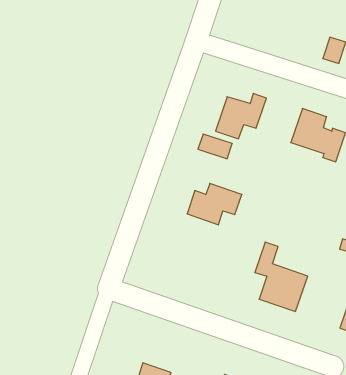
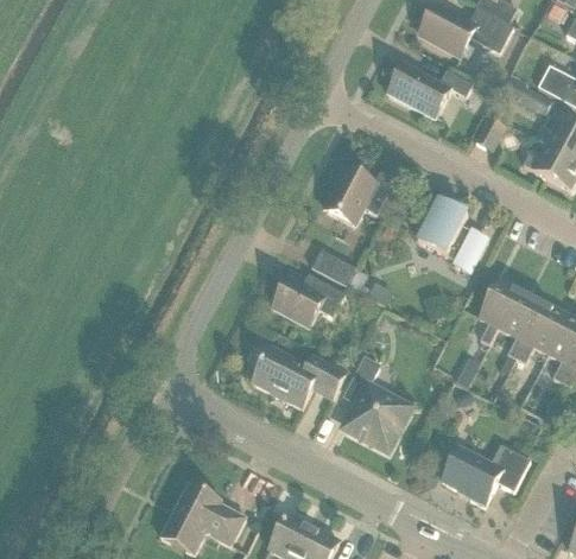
building: none -> [387,63,473,119]
building: [198,134,232,159] -> [311,249,355,285]
building: none -> [252,347,346,407]

